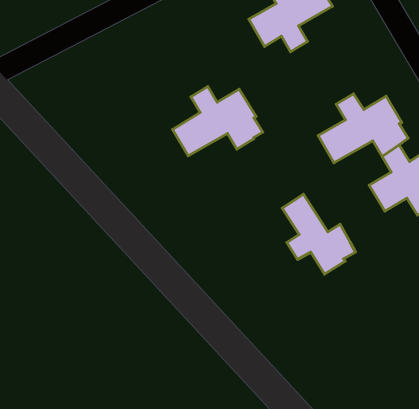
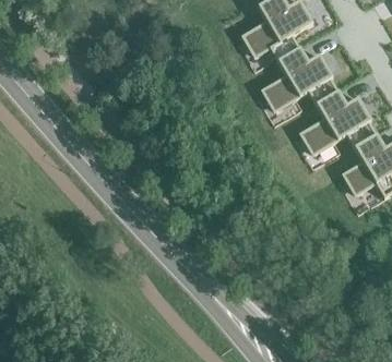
building: [173,87,263,156] -> [263,51,338,109]
building: [282,194,355,274] -> none

